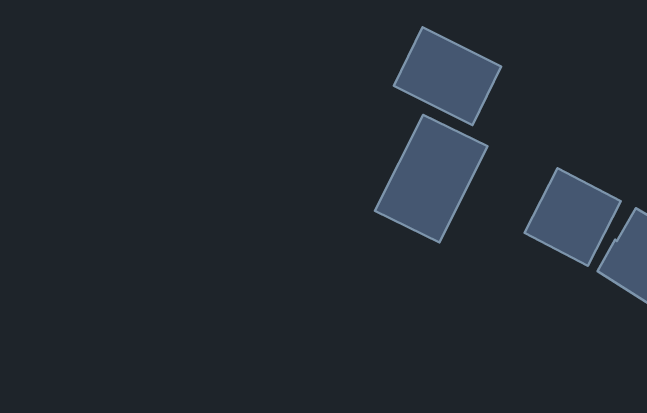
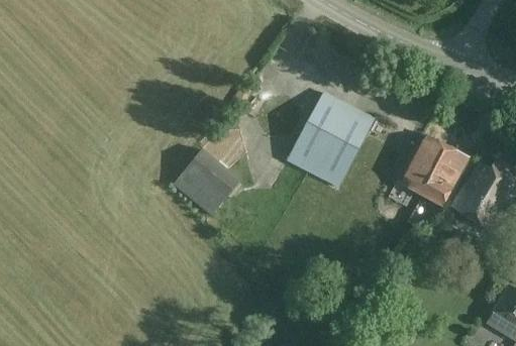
building: [394,27,501,125] -> none
building: none -> [173,148,241,216]

